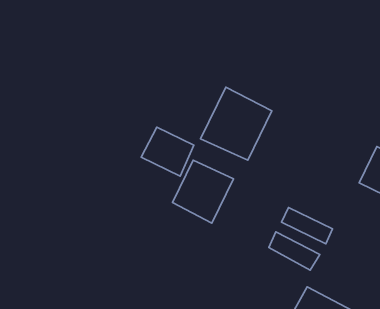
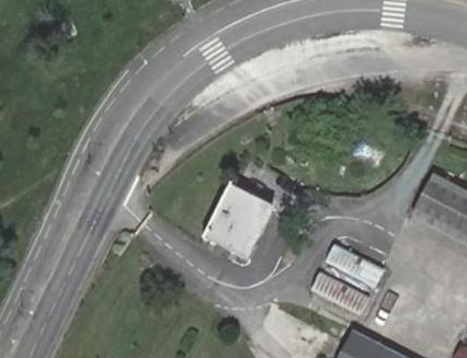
building: [201,87,272,160] -> none
building: [141,127,194,176] -> none

